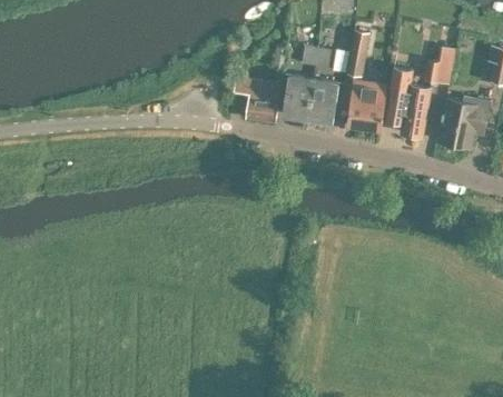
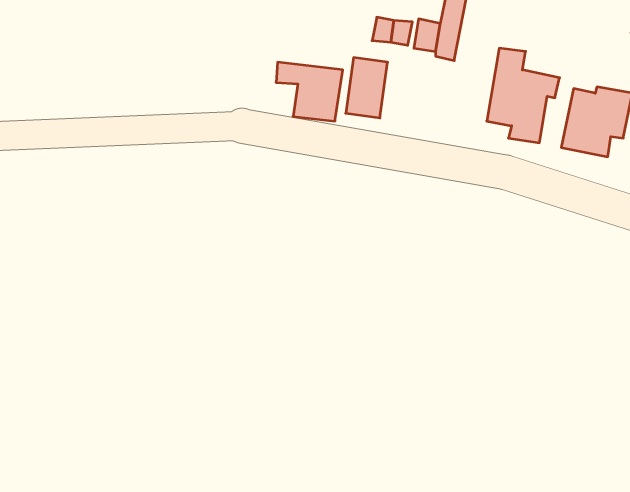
building: [424,47,454,85] -> none
building: [307,79,337,122] -> none
building: [346,81,387,130] -> none

